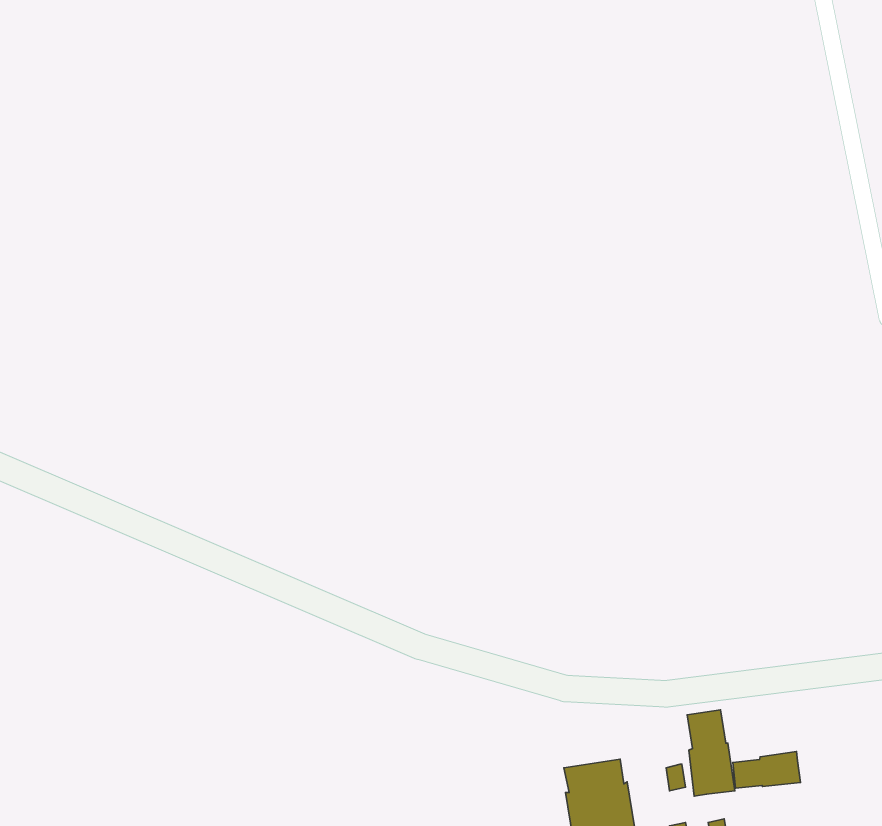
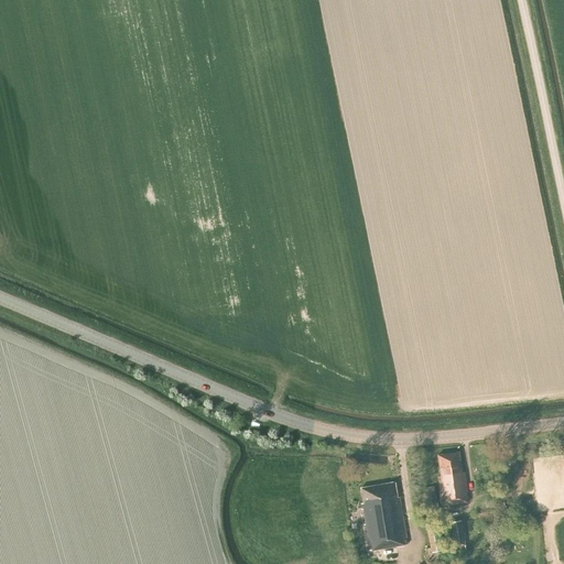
building: [733,751,800,788] -> none

